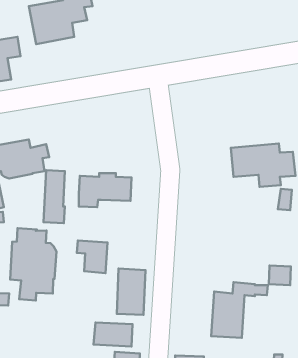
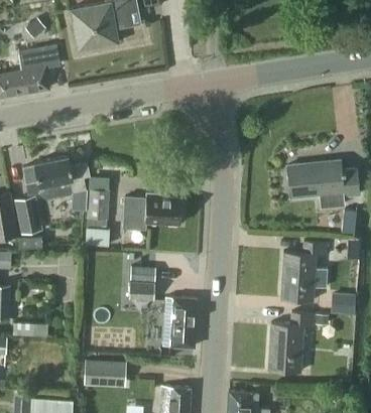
building: none -> [280,241,328,301]
building: [10,228,57,301] -> none
building: [94,322,132,346] -> [83,361,125,387]

